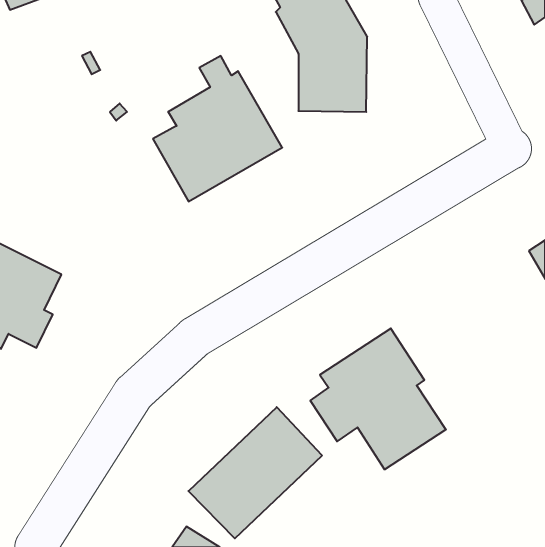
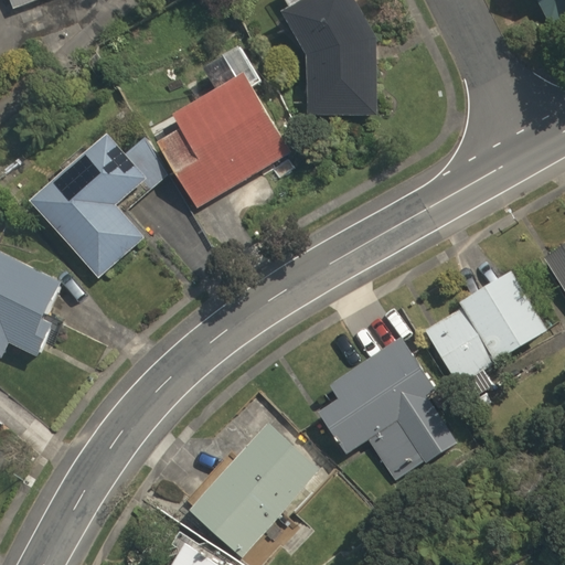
building: none -> [32,136,164,277]
building: none -> [424,273,545,397]

